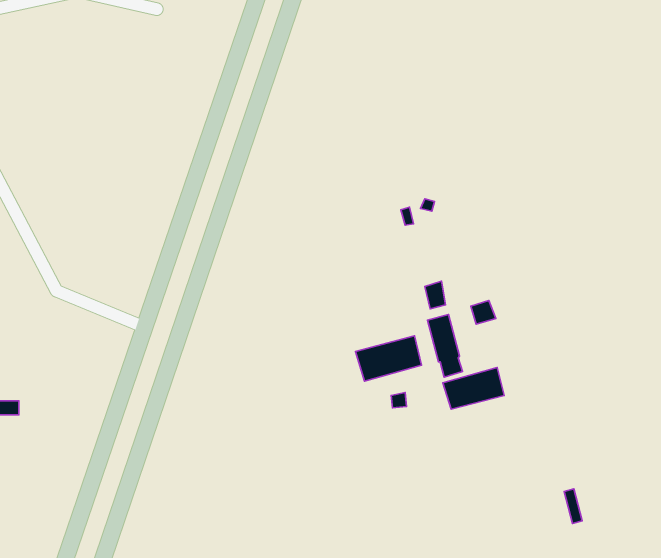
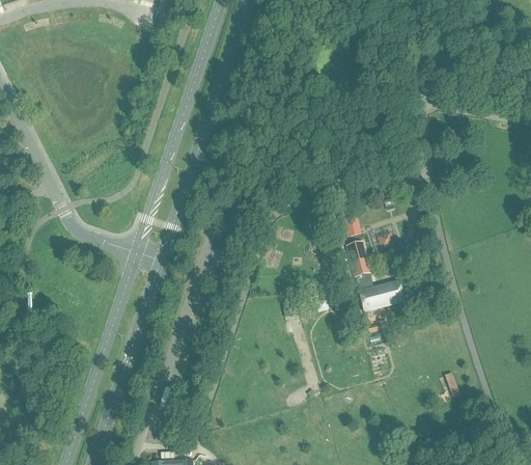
building: [356,336,421,381] -> none

